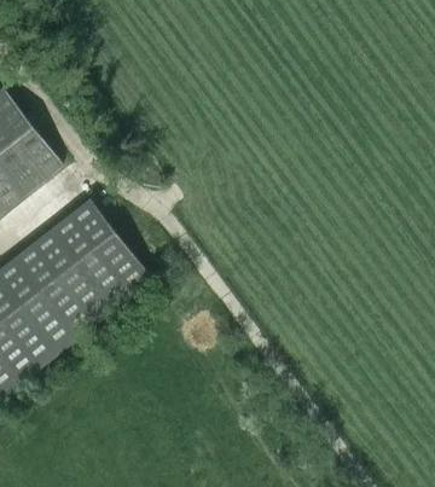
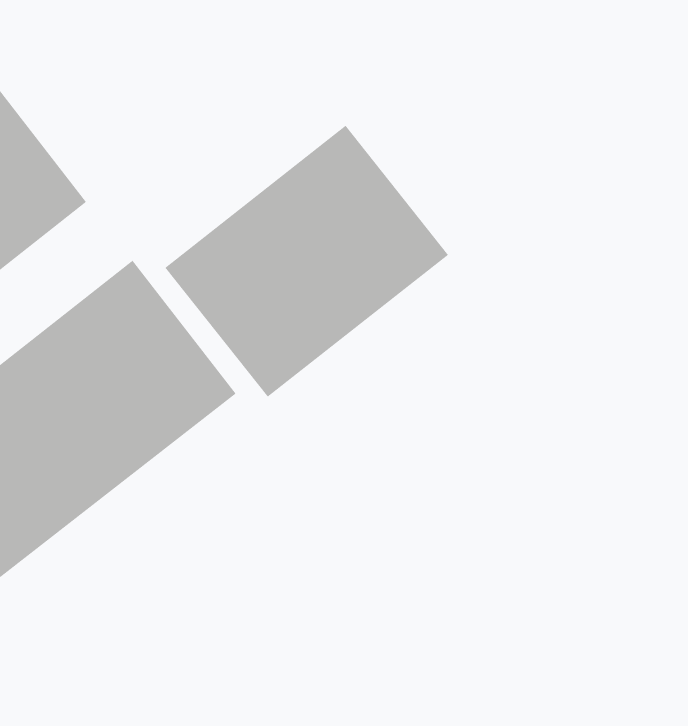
building: none -> [164,125,449,398]

